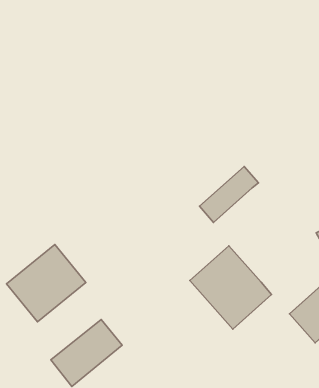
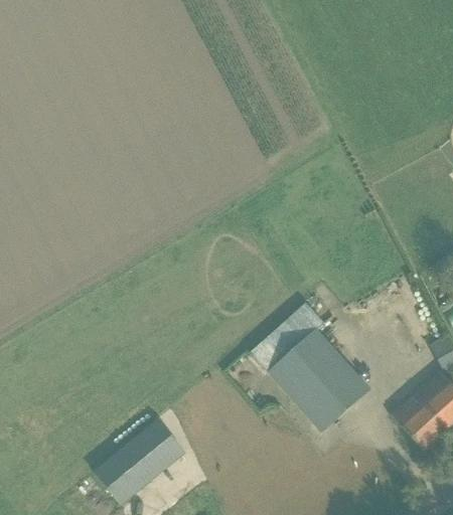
building: [200,167,259,222] -> [253,302,326,371]
building: [7,245,86,322] -> none

